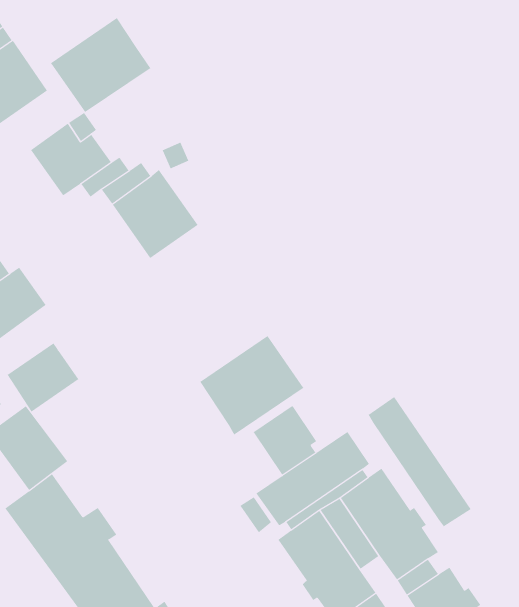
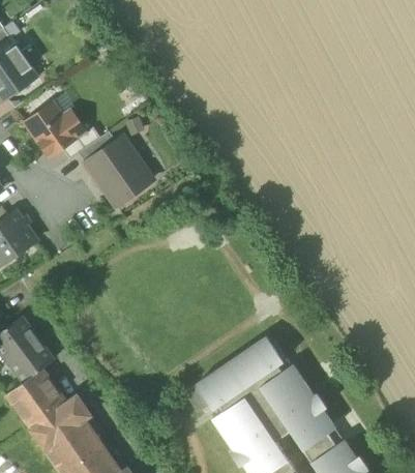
building: [50,17,151,113] -> none
building: [200,335,304,436] -> none
building: [7,343,79,413] -> none
building: [368,396,471,527] -> none
building: [253,405,317,476] -> none

